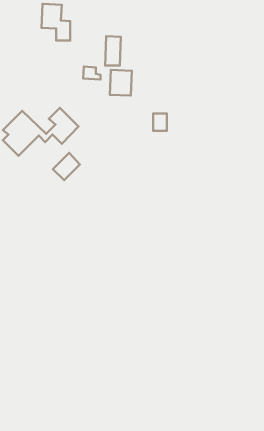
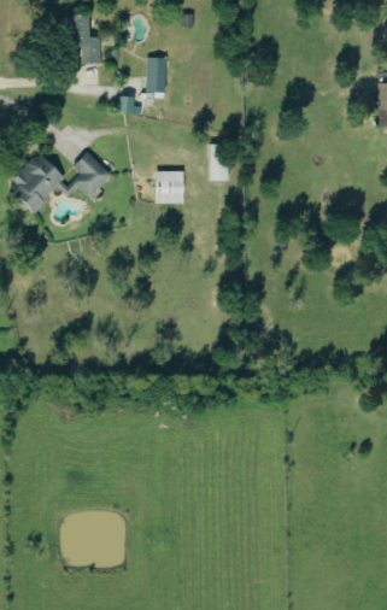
building: [110,70,132,96] -> [153,170,182,204]
building: [53,153,80,180] -> none

